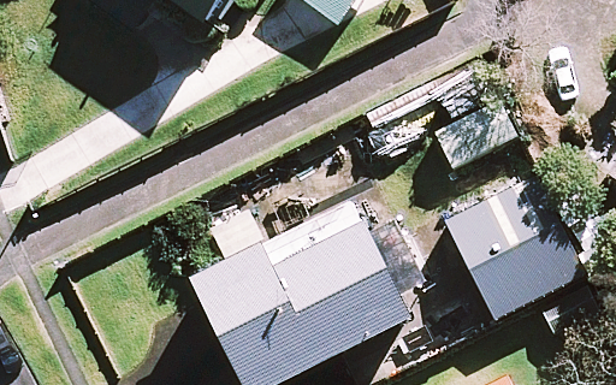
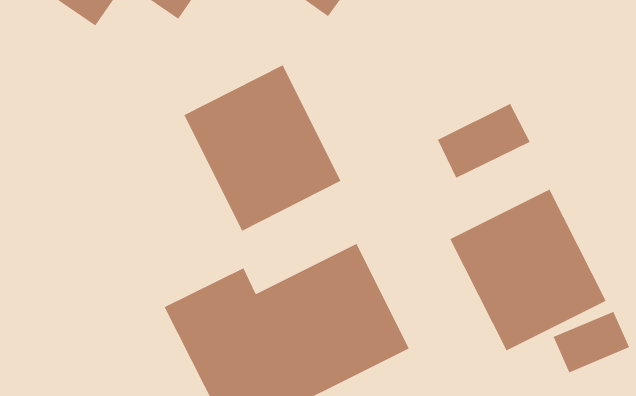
building: none -> [183,64,342,232]

